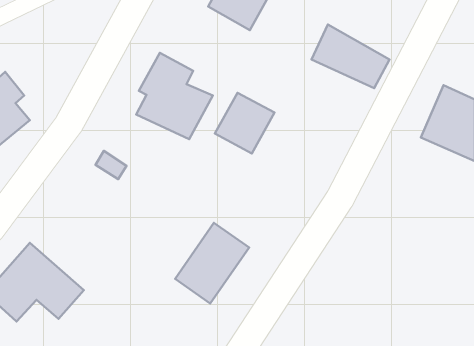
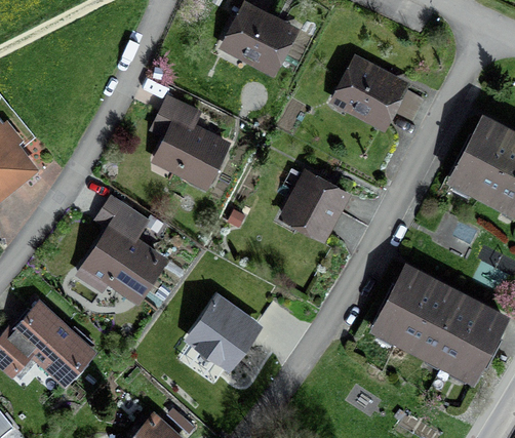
building: [215,93,275,153] -> [280,173,345,239]
building: none -> [79,228,159,297]
building: none -> [375,270,504,379]

